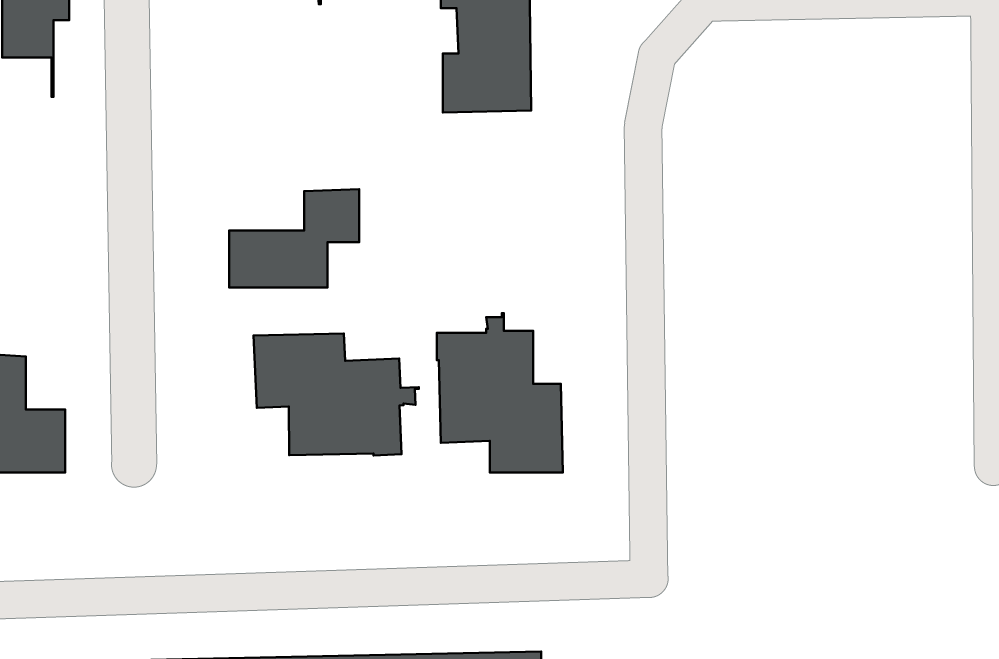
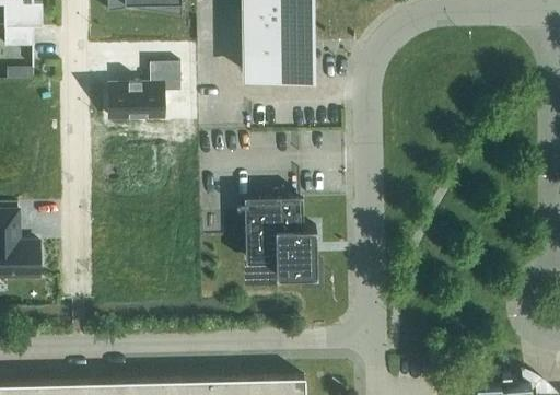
building: [229,189,359,287] -> [108,66,180,120]
building: [254,334,419,456] -> none

